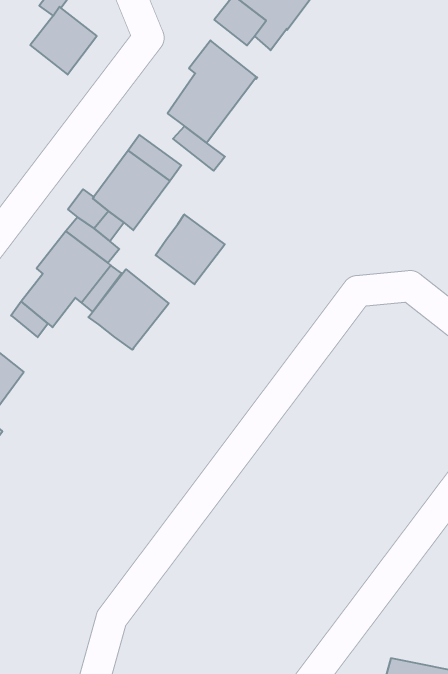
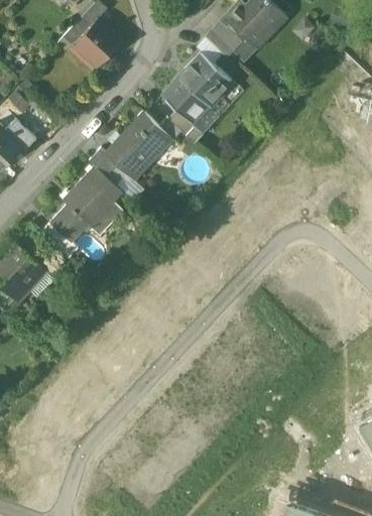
building: [156,214,225,284] -> none
building: [88,269,169,350] -> none

